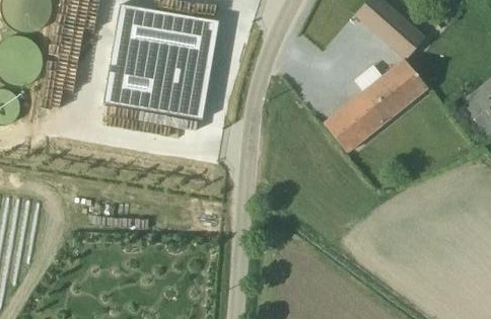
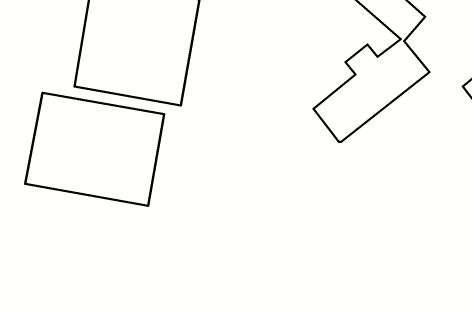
building: none -> [25,93,164,206]

